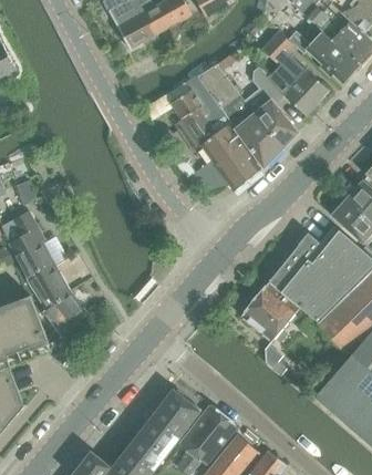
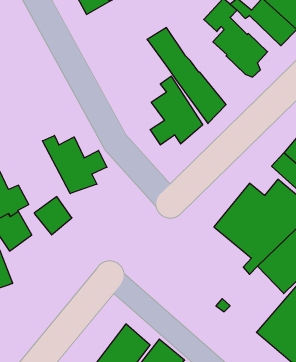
building: [244,66,297,147] -> none
building: [170,89,217,145] -> none
building: none -> [42,135,107,194]
building: [241,281,301,341] -> none
building: [45,290,86,332] -> [34,197,72,235]

